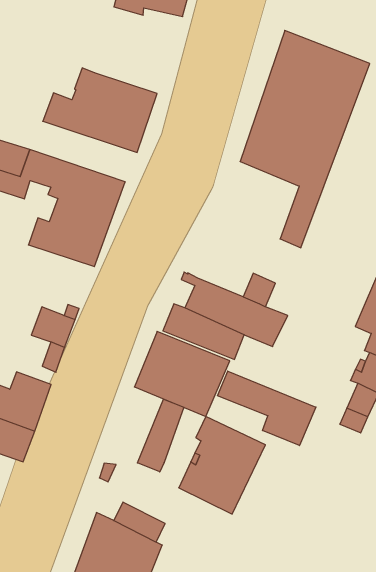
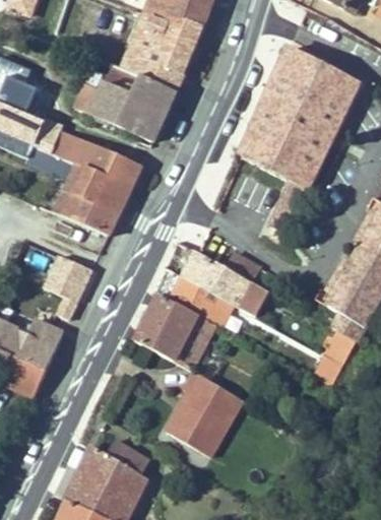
building: none -> [123,14,202,91]
building: [218,371,316,446] -> none
building: [137,399,184,472] -> none

